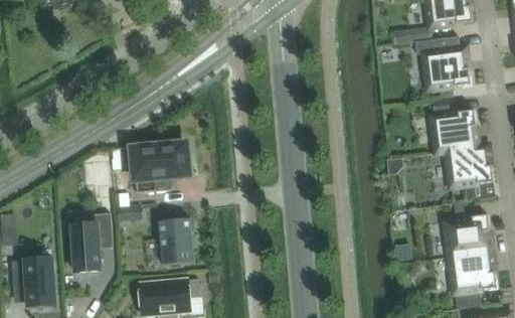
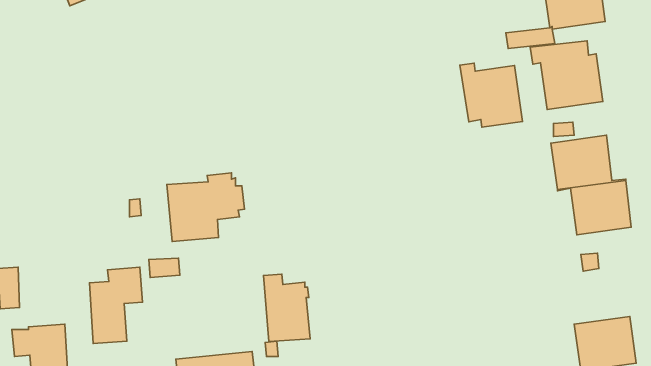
building: none -> [460,63,522,127]
building: [158,212,194,265] -> [264,274,310,342]
building: [445,215,492,258] -> none

